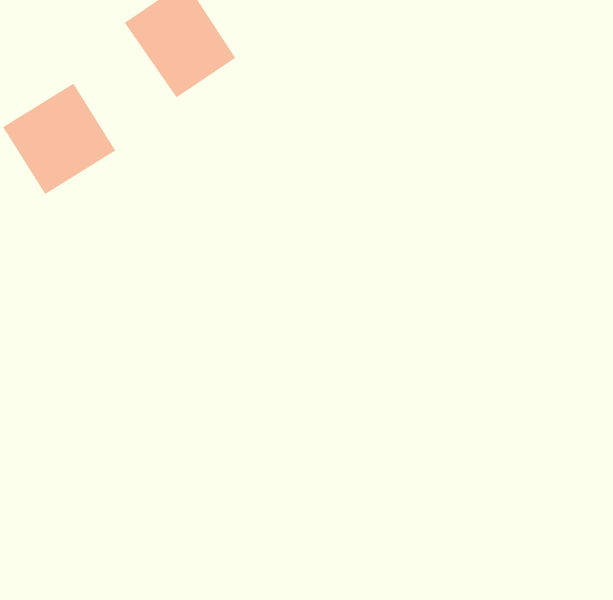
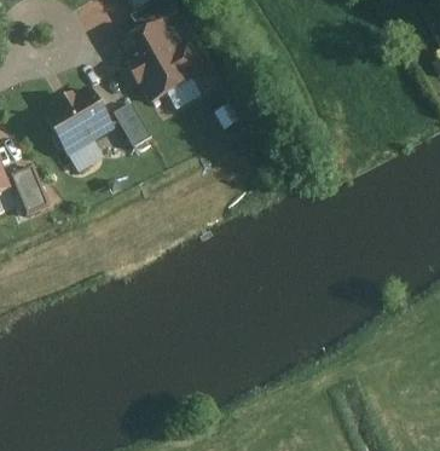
building: none -> [115,106,152,150]

